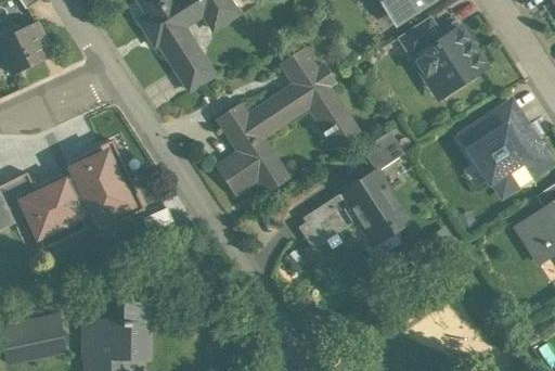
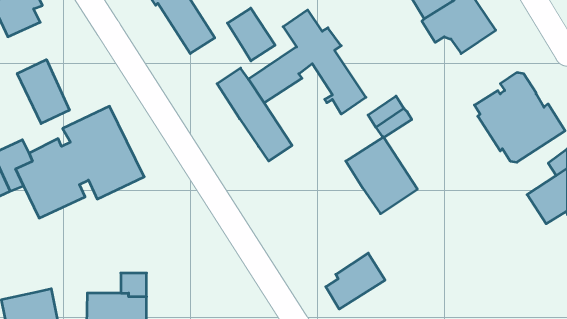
building: none -> [227,8,275,61]
building: none -> [17,60,69,124]
building: [214,152,255,194] -> none
building: [298,193,356,247] -> [326,253,385,309]

